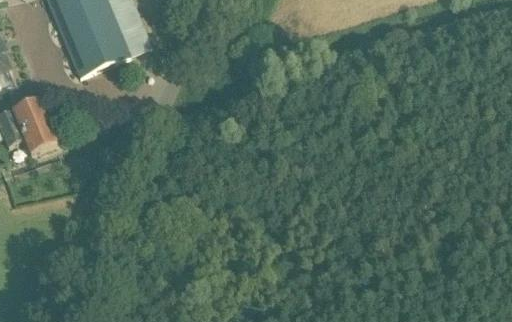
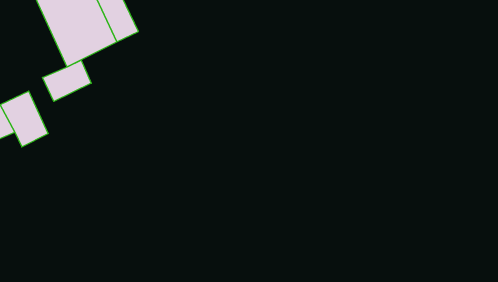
building: none -> [43,60,91,101]

